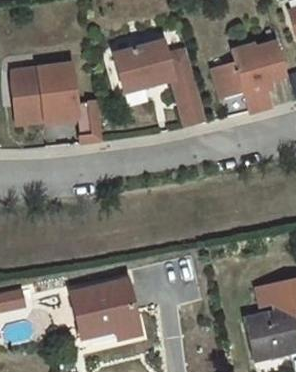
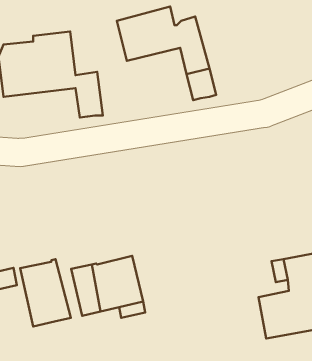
building: [211,45,285,114] -> none
building: none -> [20,259,71,326]

